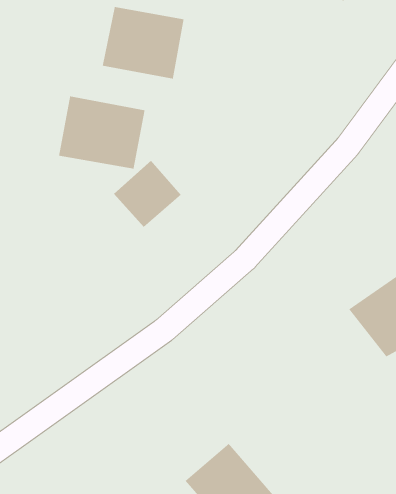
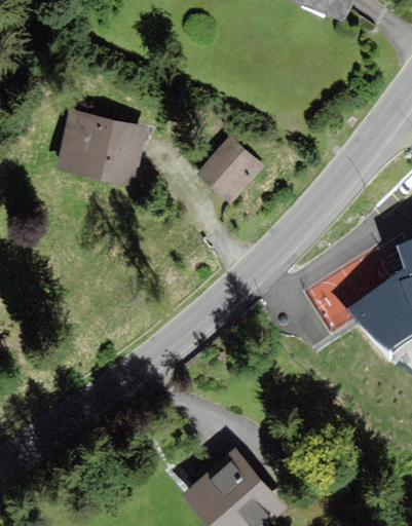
building: [102,6,185,79] -> none
building: [113,160,182,228] -> [194,128,263,196]

